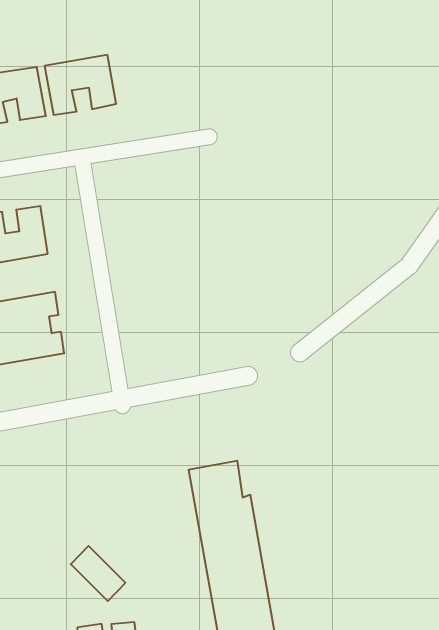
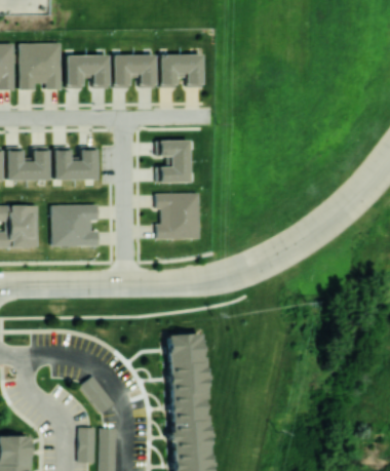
building: none -> [160,54,202,87]
building: none -> [159,141,190,183]
building: none -> [156,193,199,239]

